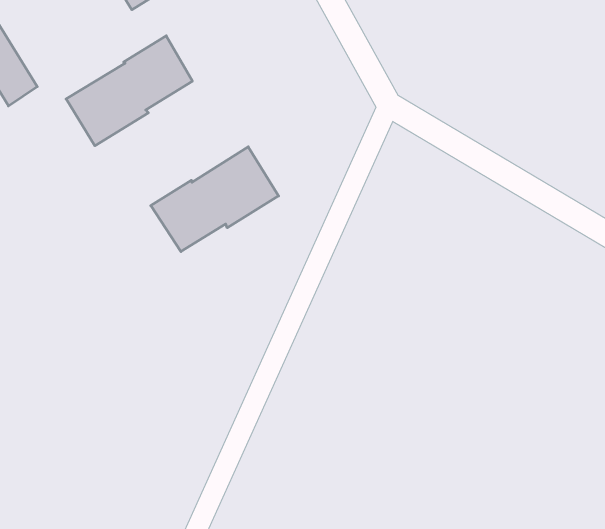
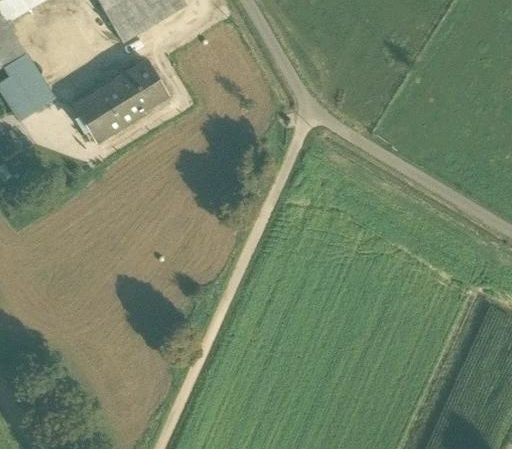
building: [151,147,279,252] -> none

